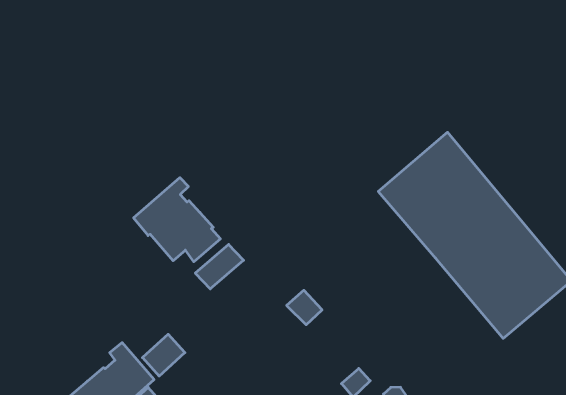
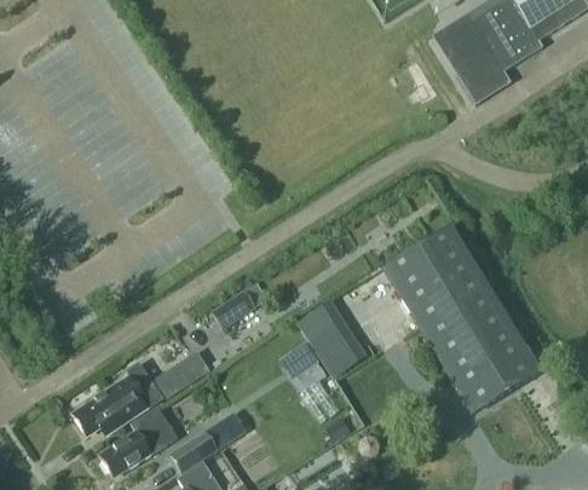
building: [134,178,220,262] -> none
building: none -> [298,301,365,376]

